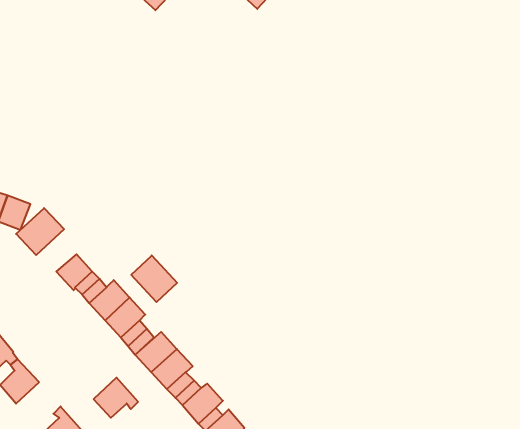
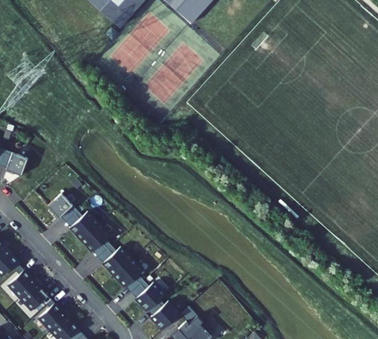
building: [16,208,64,255] -> none
building: [131,255,177,302] -> none
building: [94,378,138,418] -> [20,282,51,310]

